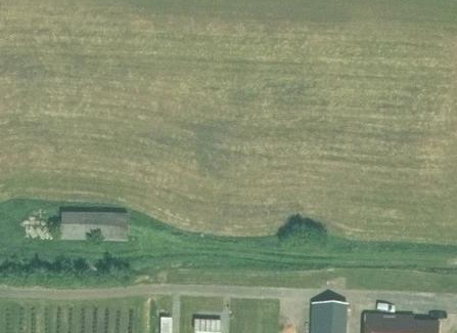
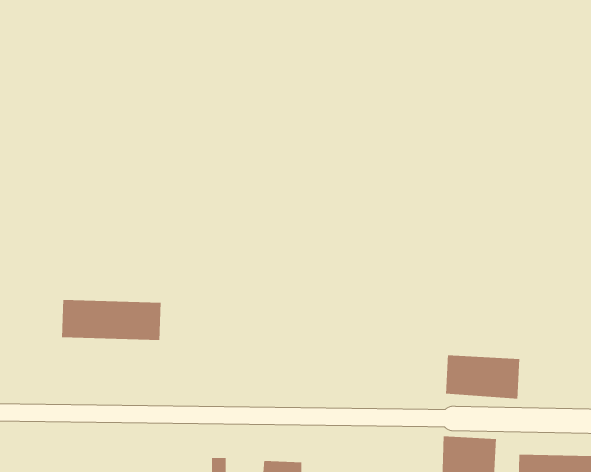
building: none -> [445,354,520,399]

